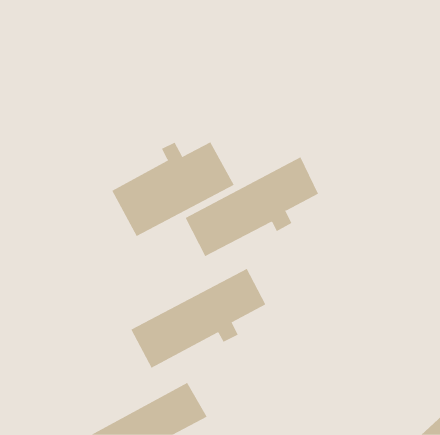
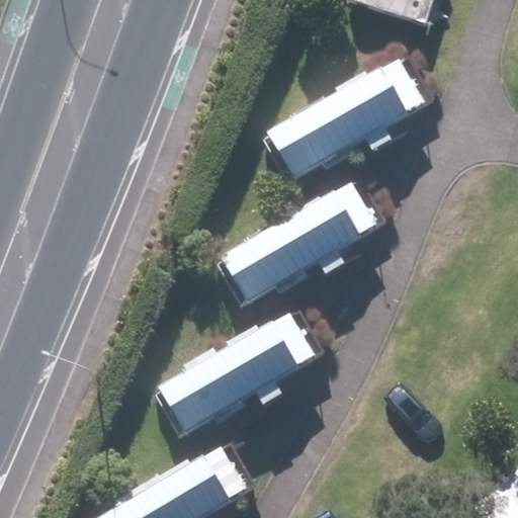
building: none -> [264,61,423,177]
building: [111,141,235,237] -> none

